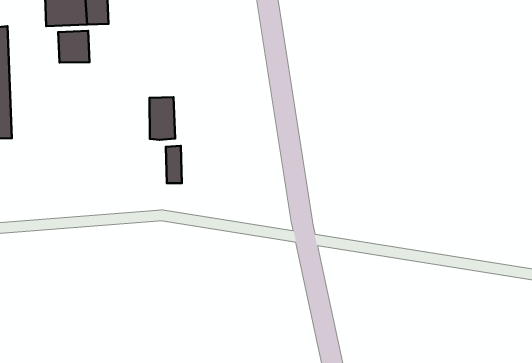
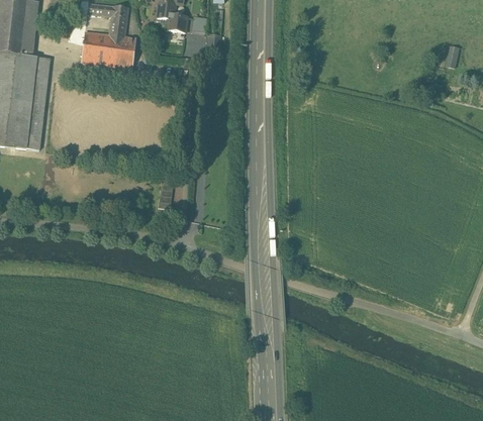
building: [58,31,89,63] -> none
building: [150,97,175,140] -> none

